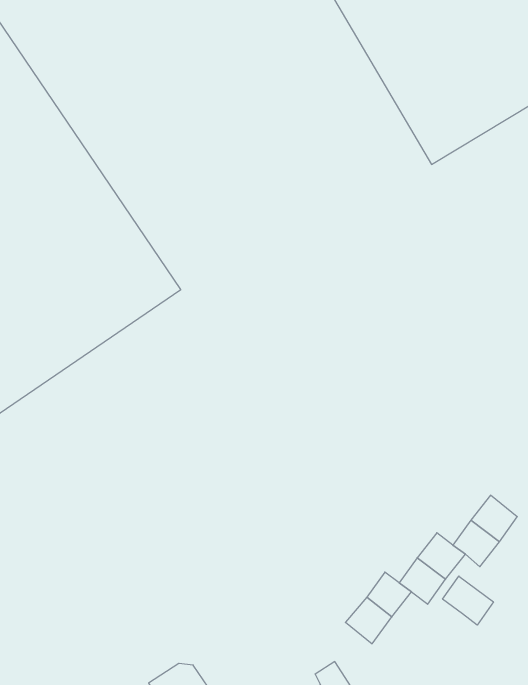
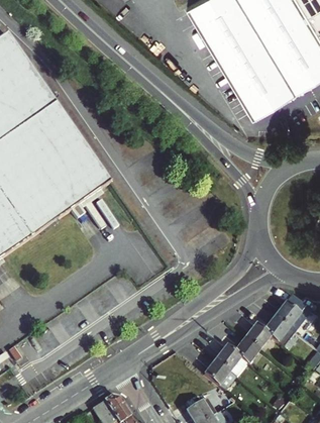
building: [443,576,493,625] -> none

